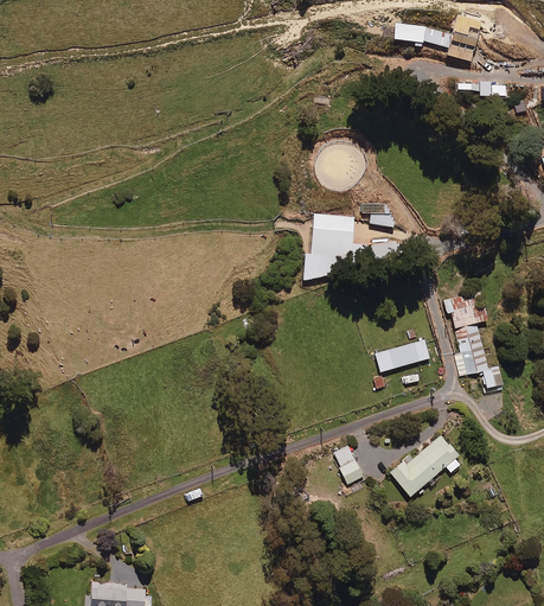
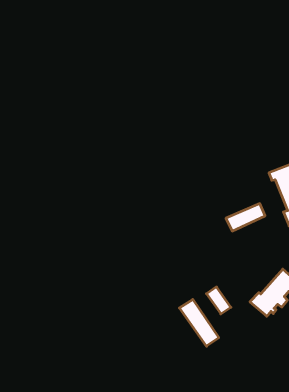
building: [303,213,354,279] -> none
building: none -> [179,299,219,346]

